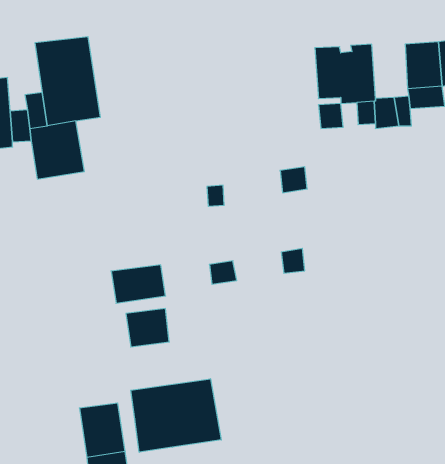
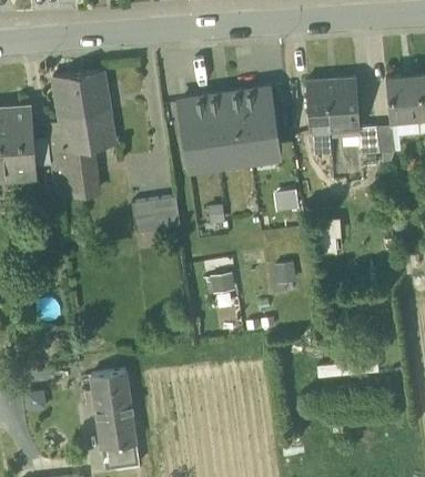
building: none -> [179,89,274,162]
building: [111,265,166,303] -> [131,196,180,231]
building: [126,309,169,347] -> [89,369,128,404]
building: [131,379,221,452] -> none

